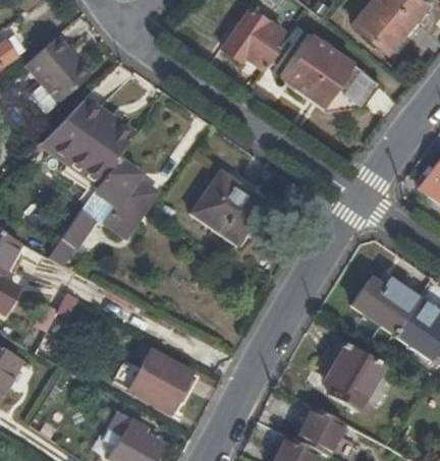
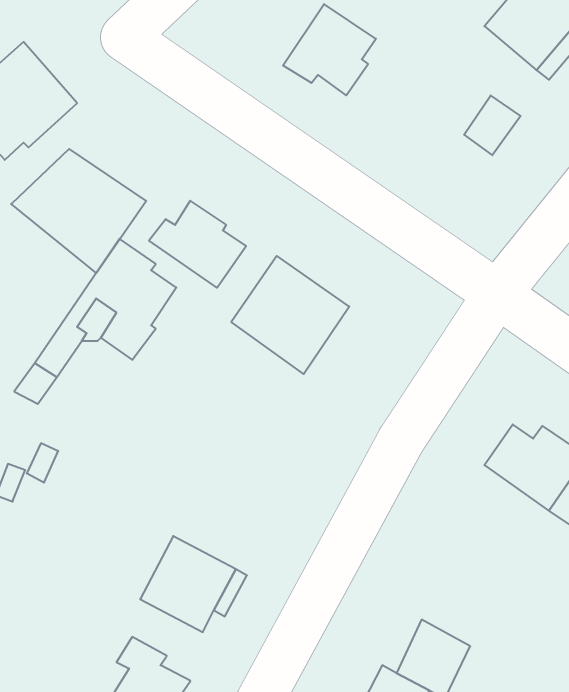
building: [277,26,355,105] -> none
building: none -> [149,201,246,288]
building: [326,343,386,410] -> none

